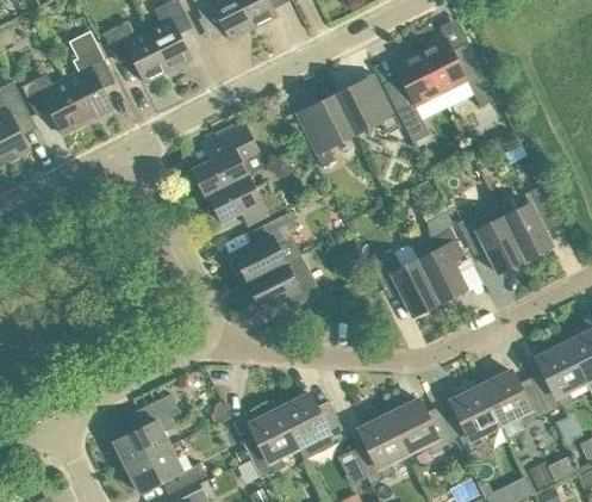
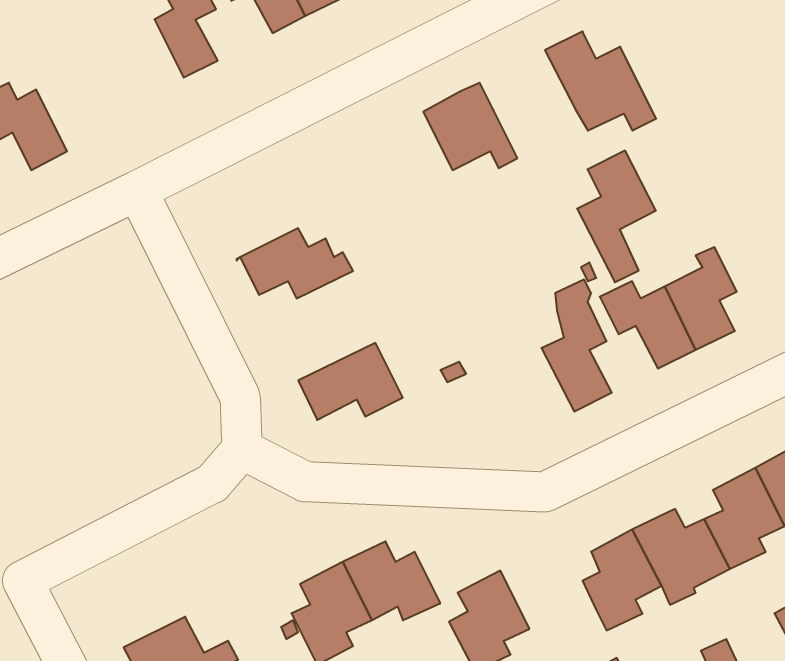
building: [104,23,168,82] -> none
building: [66,31,112,122] -> none
building: [386,51,441,143] -> [577,151,656,282]
building: [294,94,355,167] -> none
building: [192,123,266,197] -> none
building: [230,212,301,281] -> none
building: [370,253,440,316] -> none
building: [113,393,179,467] -> none
building: [388,399,455,454] -> none

